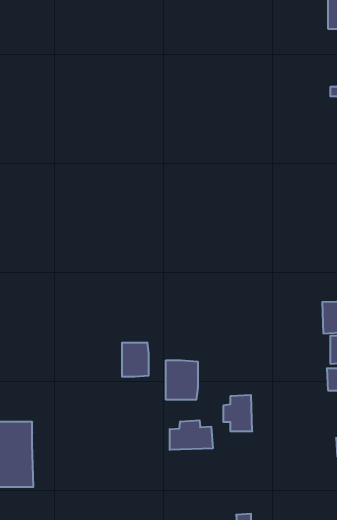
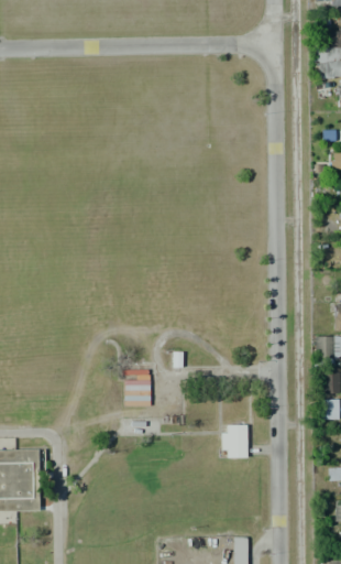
building: [166,360,198,400] -> none
building: [170,420,213,450] -> none

